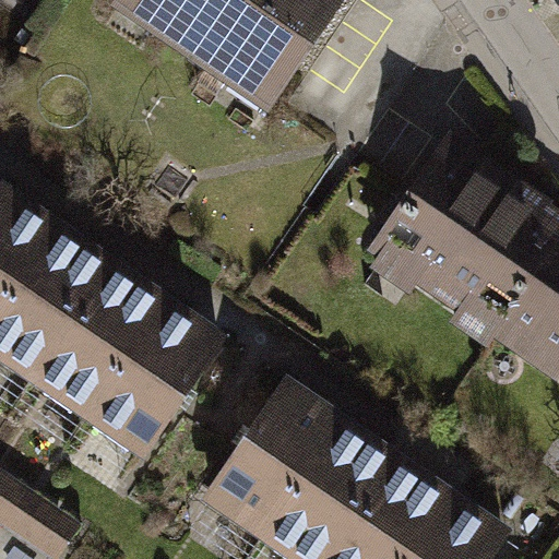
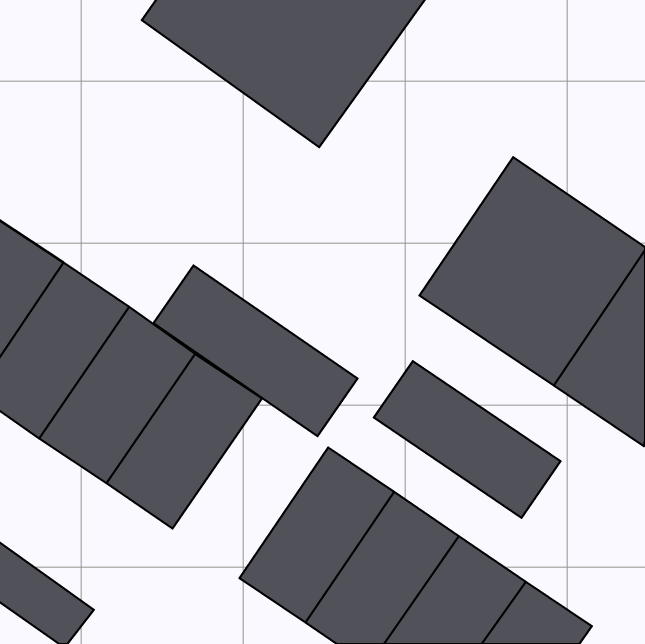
building: none -> [153,266,358,436]
building: none -> [374,361,560,518]

